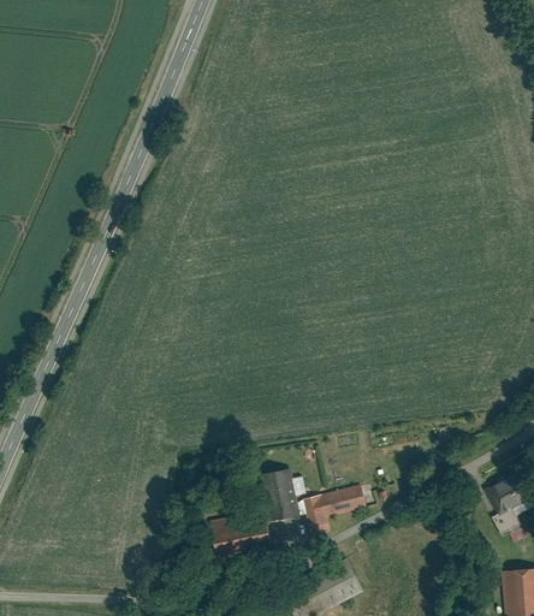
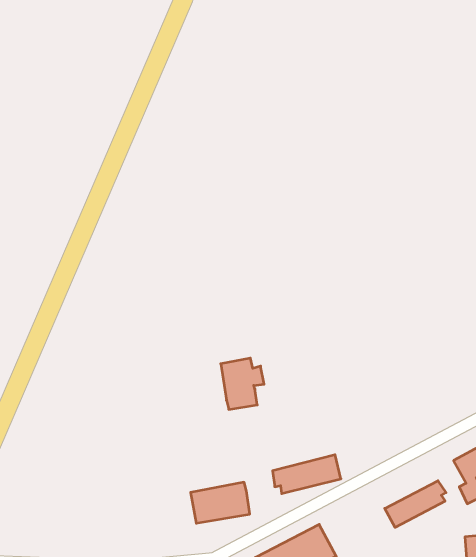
building: [260,468,305,522] -> [221,358,264,409]
building: none -> [385,481,446,527]

